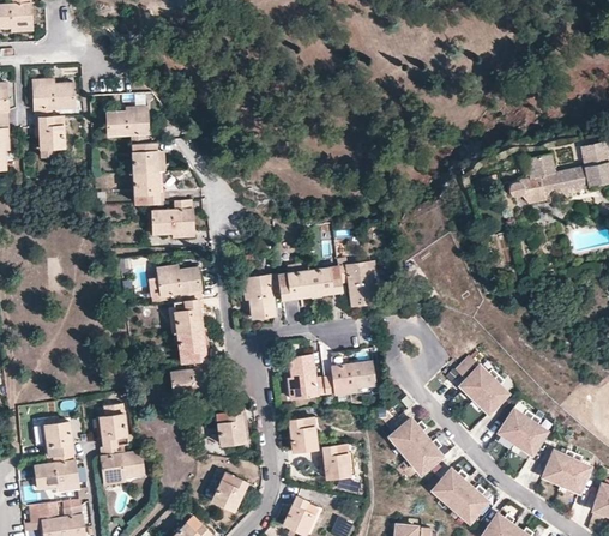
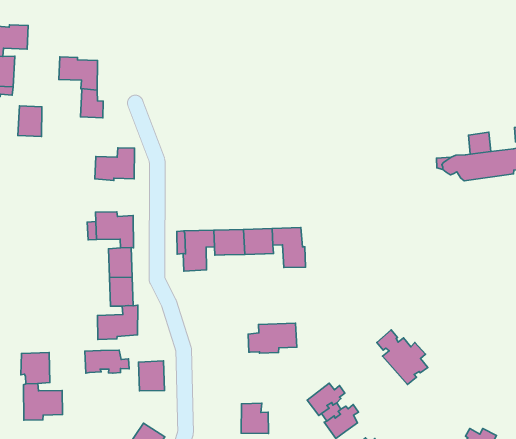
building: [134,171,159,203] -> [18,106,42,136]
building: [289,355,326,398] -> none
building: none -> [85,350,129,373]
building: [500,410,548,454] -> none
building: [289,417,322,451] -> none

